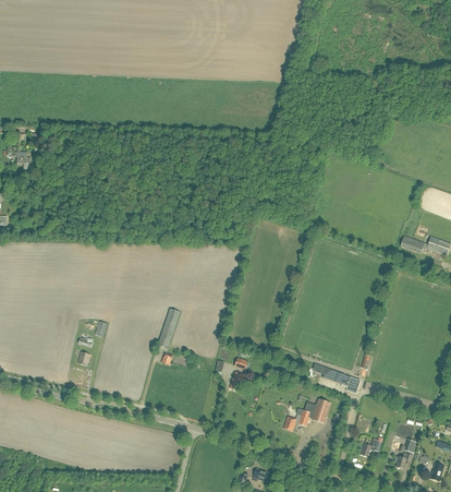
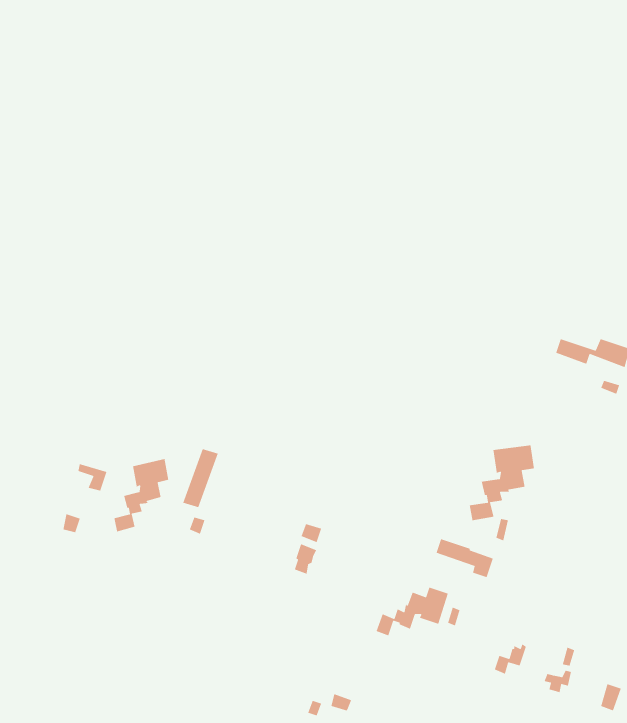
building: none -> [469,444,535,521]
building: none -> [113,458,169,533]

